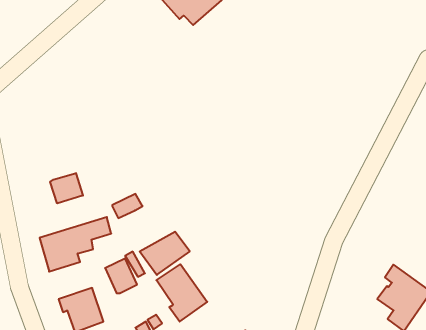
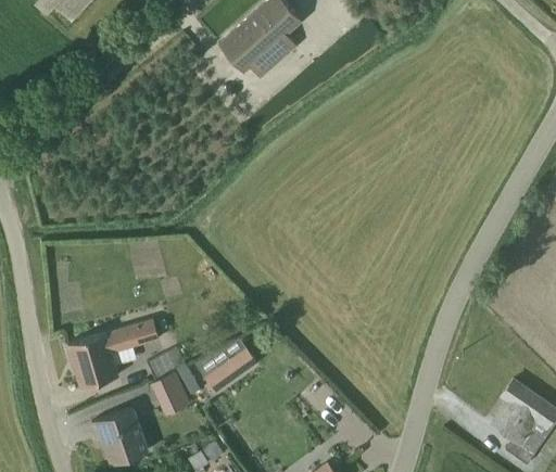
building: [50,173,83,203] -> none
building: [112,194,143,218] -> [148,347,186,378]
building: [156,264,207,322] -> none

